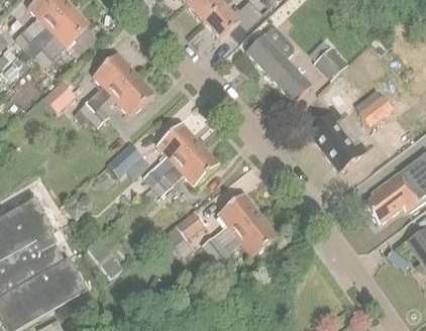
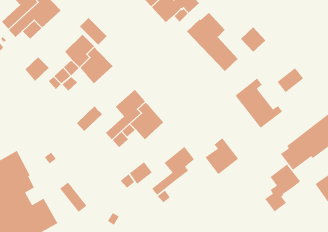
building: none -> [79,17,108,46]
building: [234,210,278,257] -> [205,137,239,175]
building: none -> [264,164,301,213]

